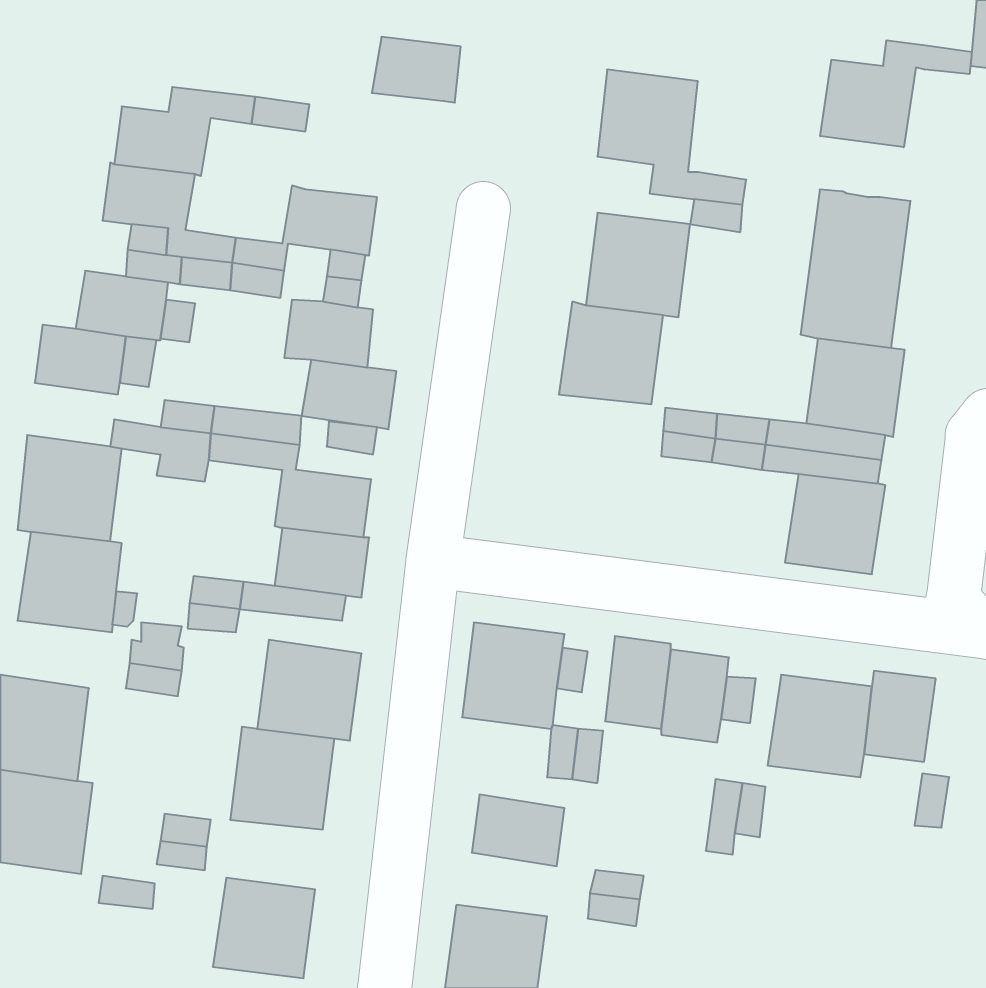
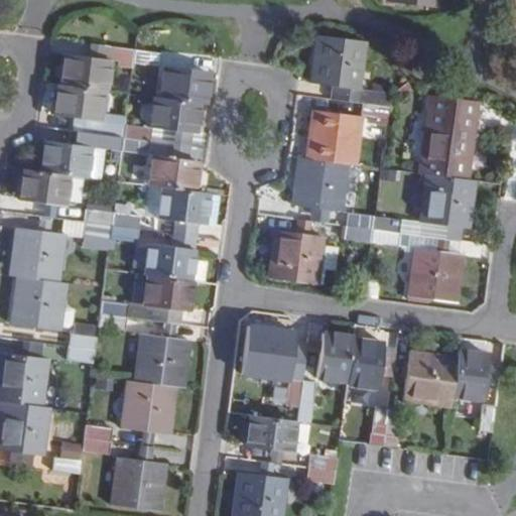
building: [372,37,461,103] -> [160,70,207,104]
building: [820,40,972,147] -> none
building: none -> [269,229,337,283]

